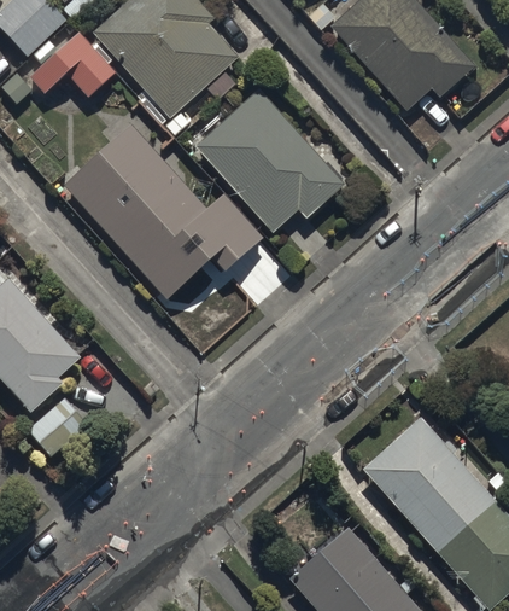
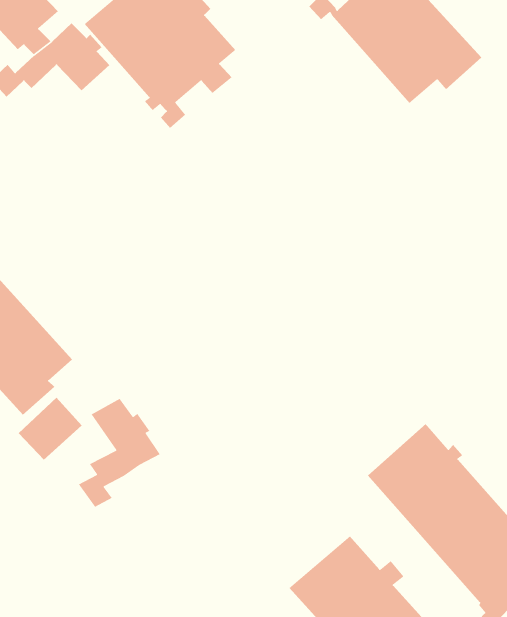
building: [195,89,345,231] -> none
building: [63,123,262,299] -> none
building: none -> [78,398,161,508]

